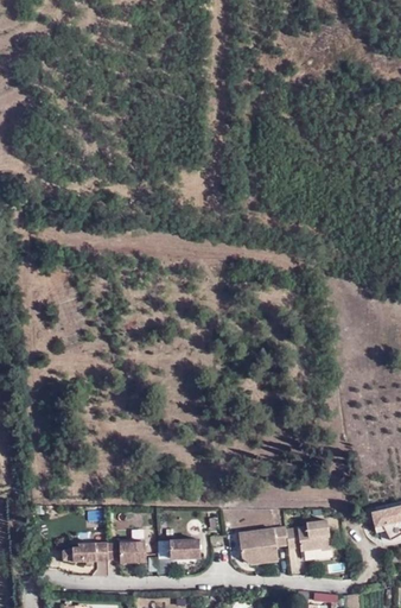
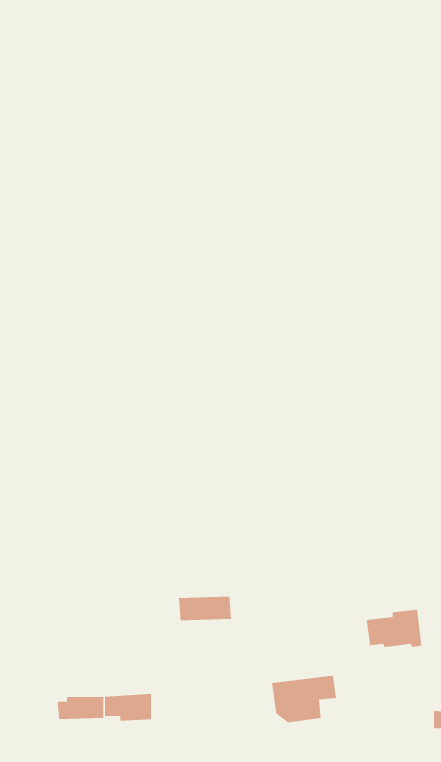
building: [286,520,330,550] -> [366,609,422,647]
building: [158,540,199,559] -> [178,596,232,621]

